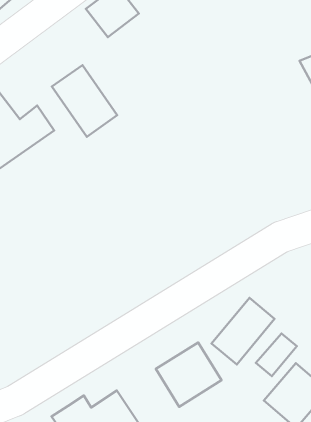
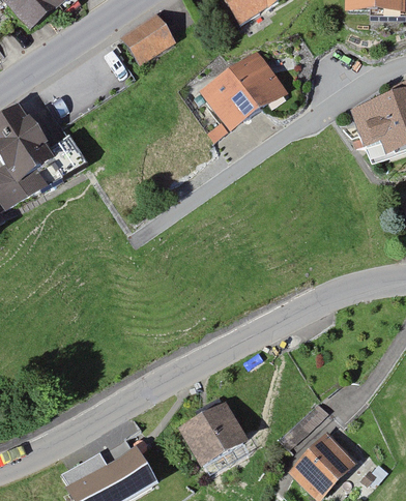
building: none -> [204,46,295,129]
building: [52,65,117,137] -> none
building: [212,298,274,364] -> none

